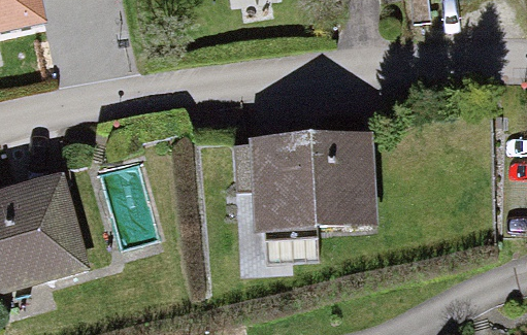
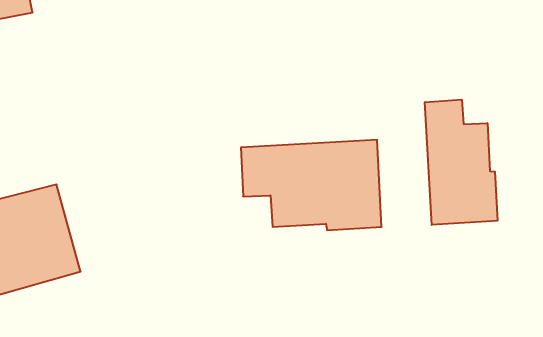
building: none -> [425,100,497,225]

